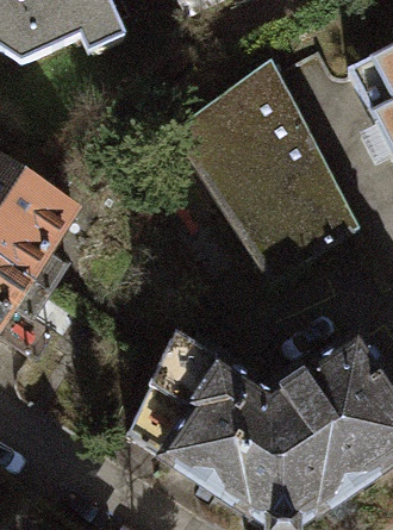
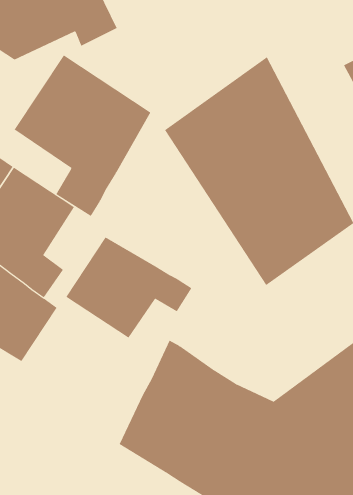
building: none -> [14,55,151,217]
building: none -> [66,236,192,339]

